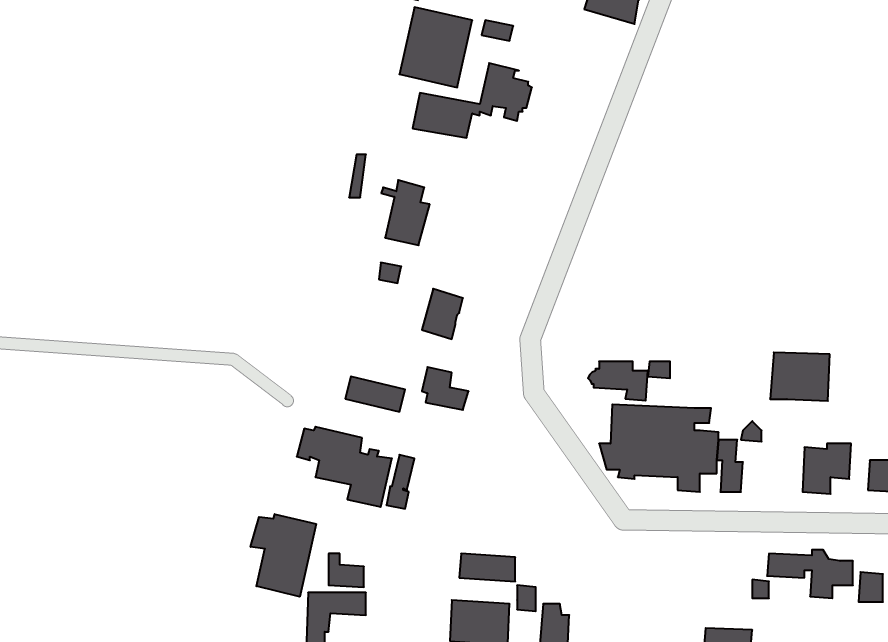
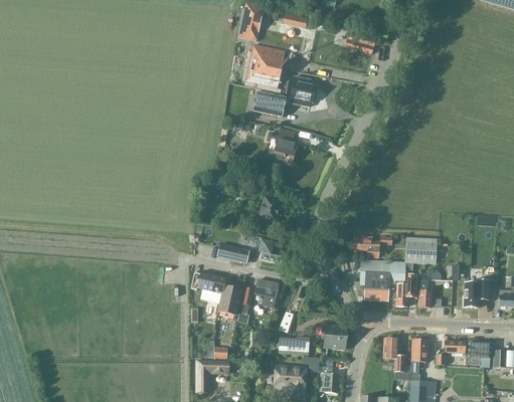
building: [381,180,430,245] -> [272,129,298,164]
building: [770,352,830,401] -> [405,236,438,262]
building: none -> [255,278,279,308]
building: [251,514,316,597] -> none
building: none -> [324,324,347,349]
building: none -> [384,338,405,373]
building: none -> [410,338,430,374]

